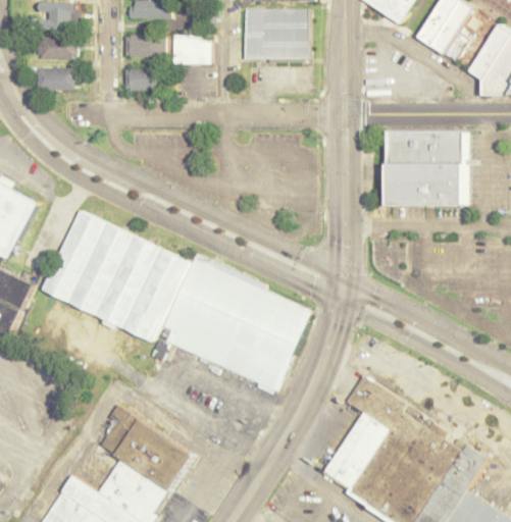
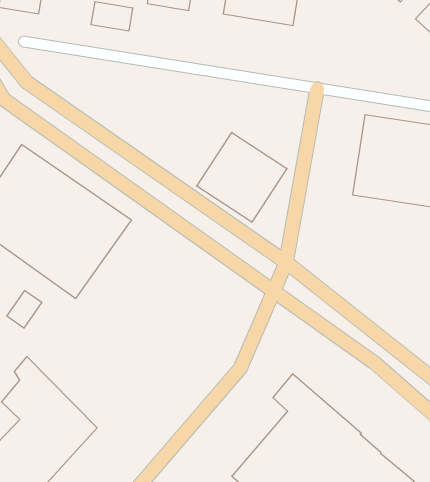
building: none -> [197,132,287,222]
building: [161,256,308,392] -> none
building: none -> [7,290,42,328]

